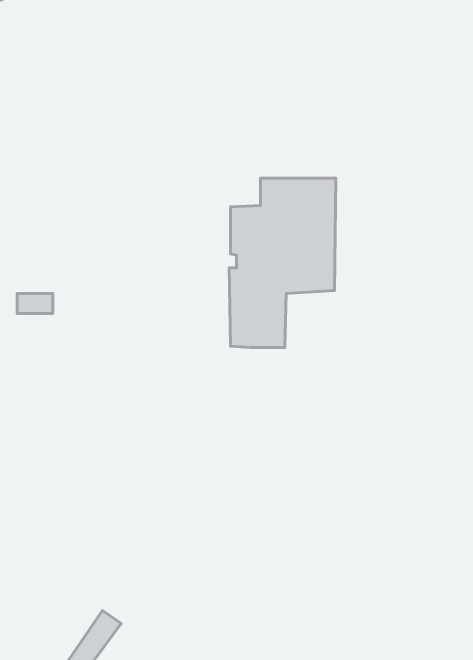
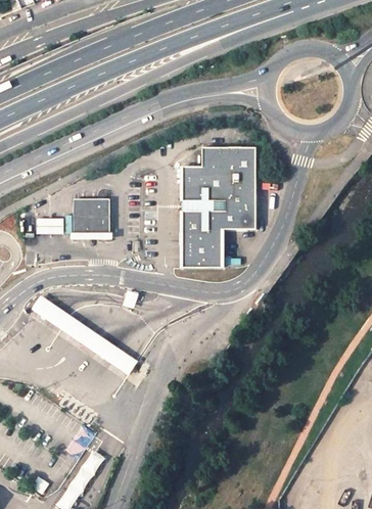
building: none -> [69,202,105,237]
building: none -> [32,297,137,376]

